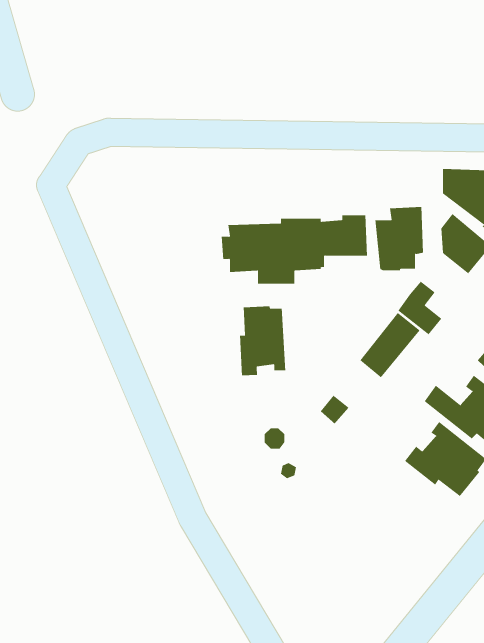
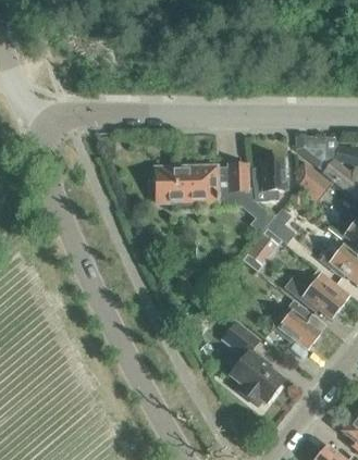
building: [239,305,286,376] -> none
building: none -> [223,321,285,406]

